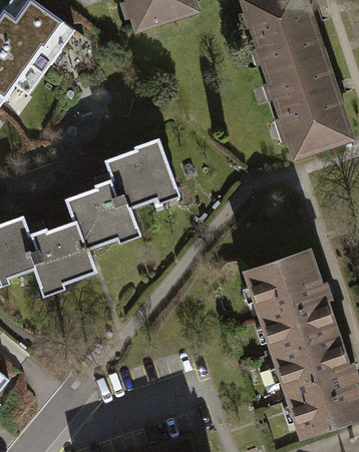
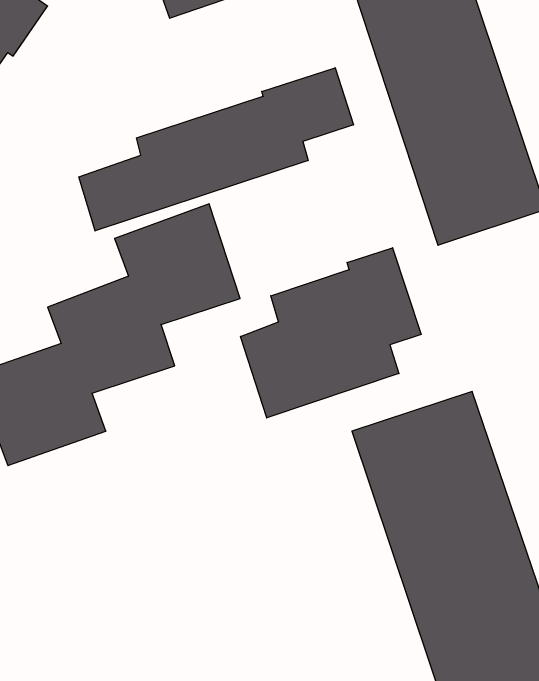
building: none -> [79,68,353,231]
building: none -> [241,248,421,418]

